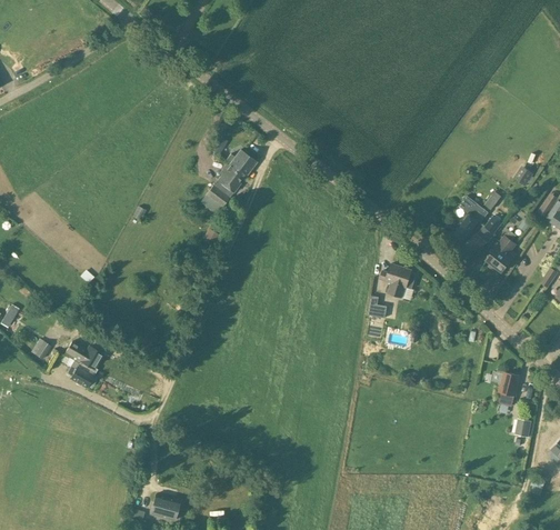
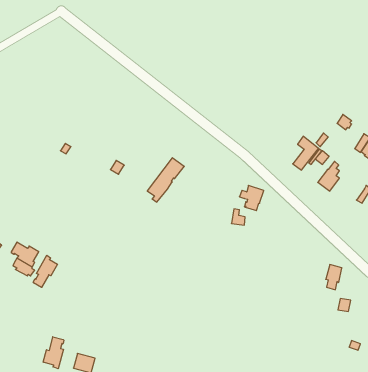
building: [207,149,258,210] -> [147,158,184,202]
building: none -> [33,255,57,287]
building: none -> [43,337,64,369]

